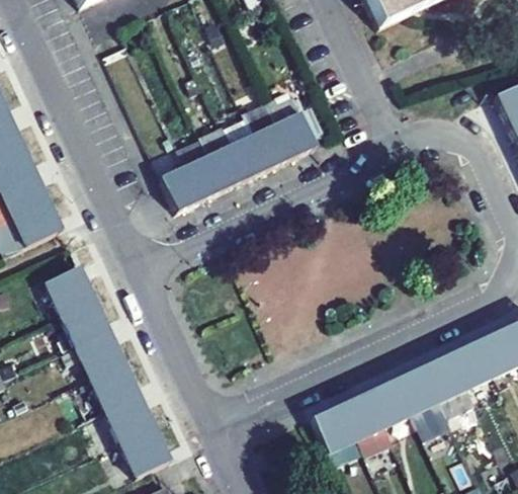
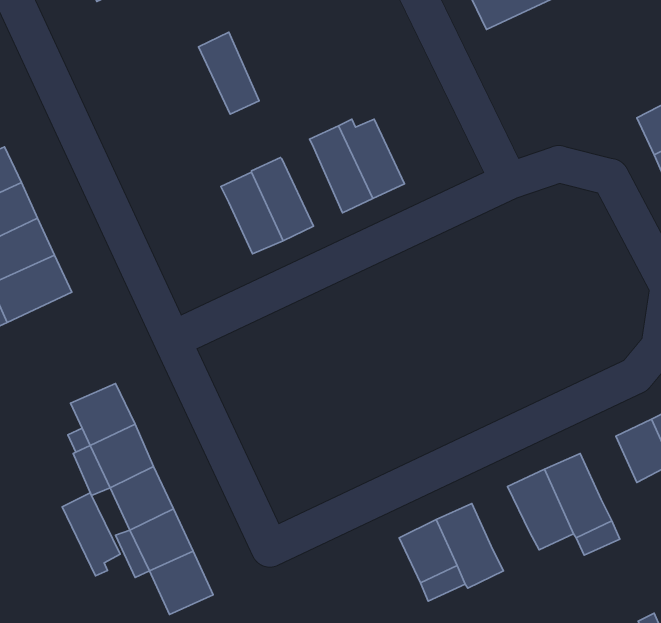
building: [223,114,269,177] -> [198,32,259,114]
building: [161,159,200,210] -> none
building: [46,264,95,313] -> none
building: [451,338,495,387] -> none
building: [368,377,413,425] -> none
building: none -> [62,493,120,576]

